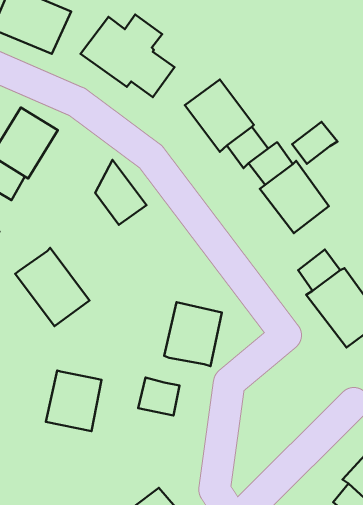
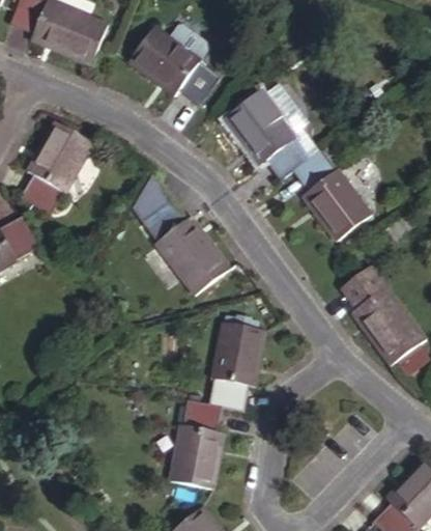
building: [292,122,337,164] -> none
building: [15,248,89,326] -> [156,216,231,295]
building: none -> [206,372,247,404]
building: [46,370,102,431] -> [166,422,222,483]

